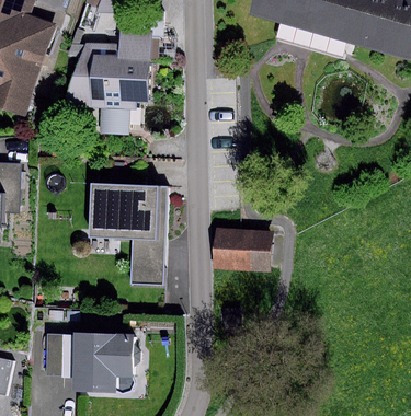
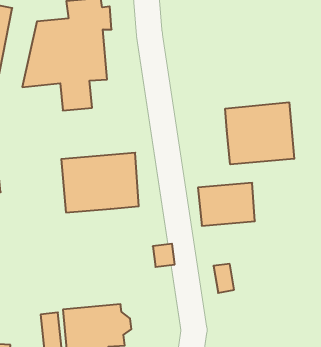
building: none -> [225,102,294,164]
building: [128,240,159,286] -> none

